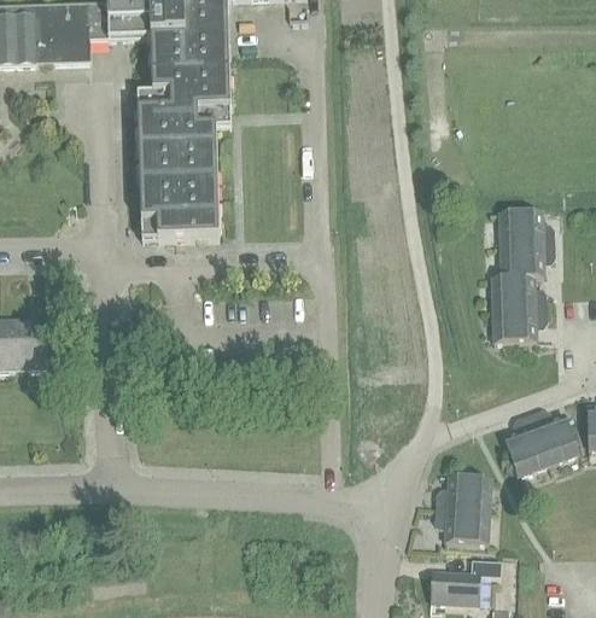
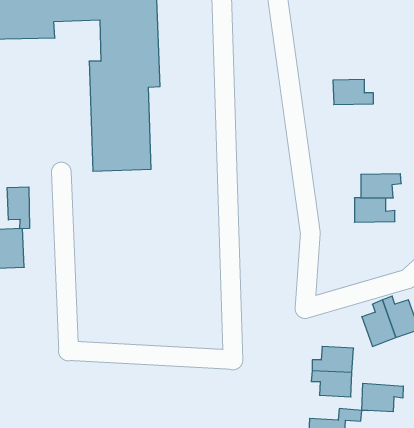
building: [499,211,554,245] -> [333,79,373,105]
building: none -> [7,187,29,229]
building: [492,308,547,343] -> none
building: none -> [362,383,403,412]

